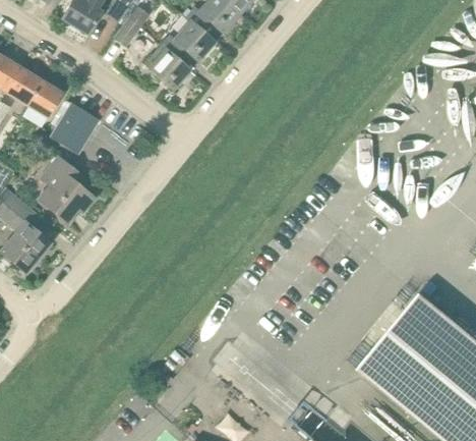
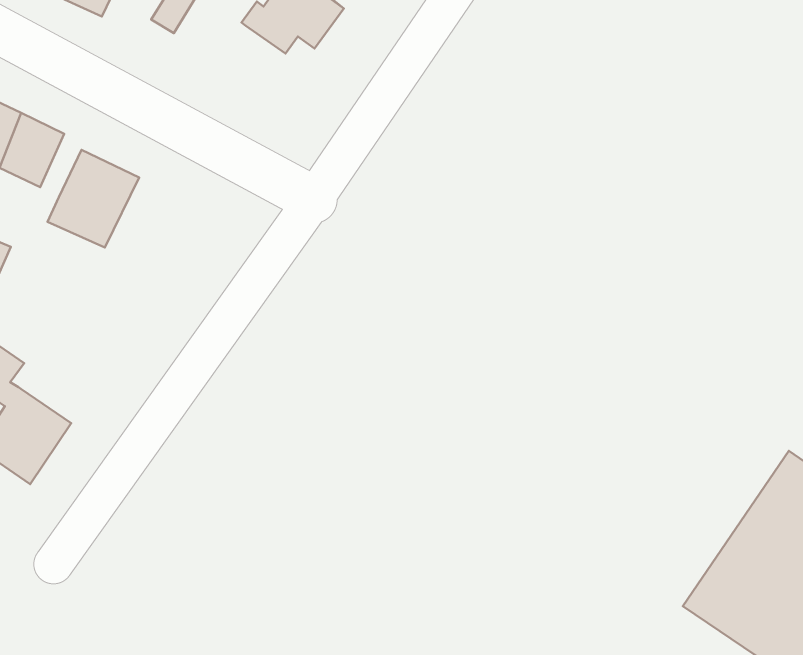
building: [140,44,189,90] -> none
building: [42,157,91,223] -> none

